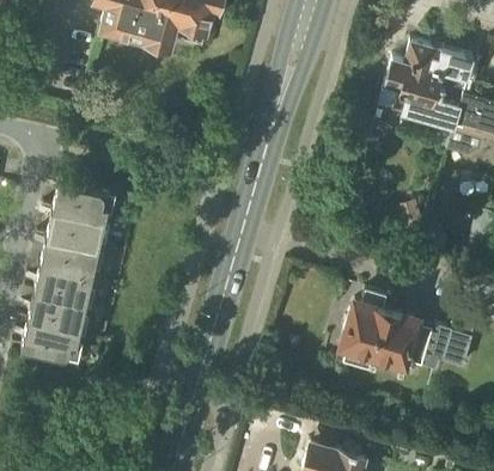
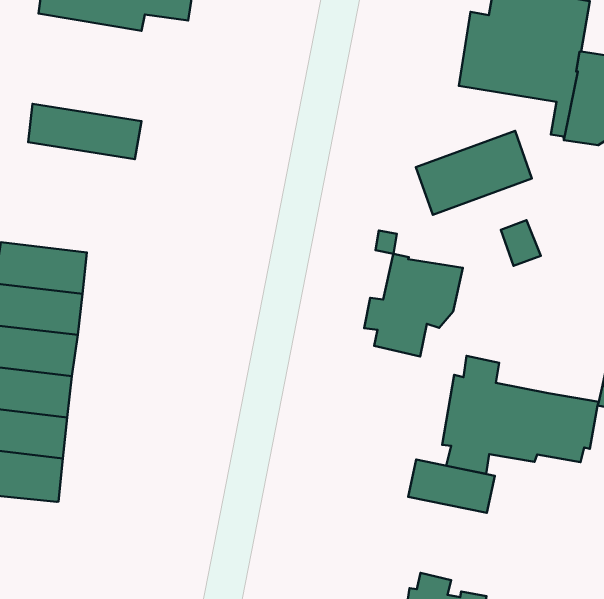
building: none -> [28,104,141,159]
building: none -> [416,131,532,215]
building: none -> [364,254,463,356]
building: none -> [408,460,495,513]

